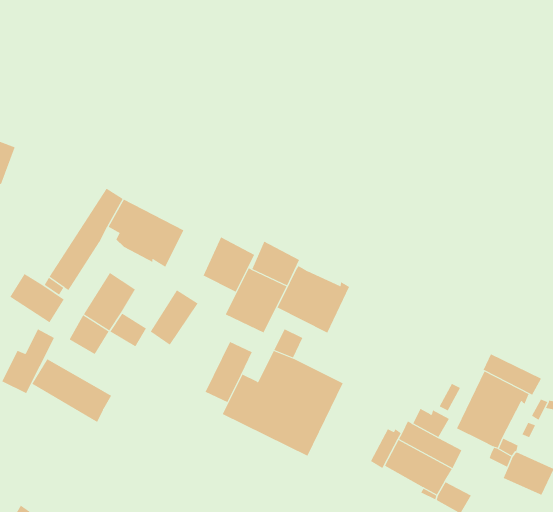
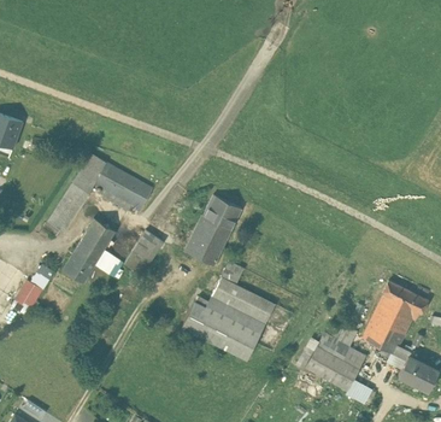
building: [203,236,255,293] -> none
building: [277,265,350,333] -> none
building: [9,273,65,323] -> none
building: [205,341,252,403] -> none
building: [32,358,112,423] -> none

